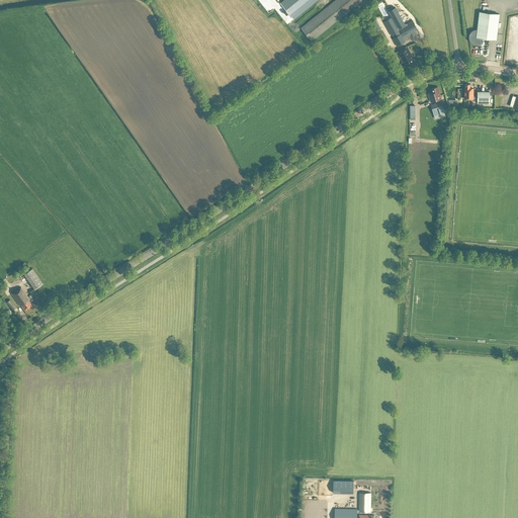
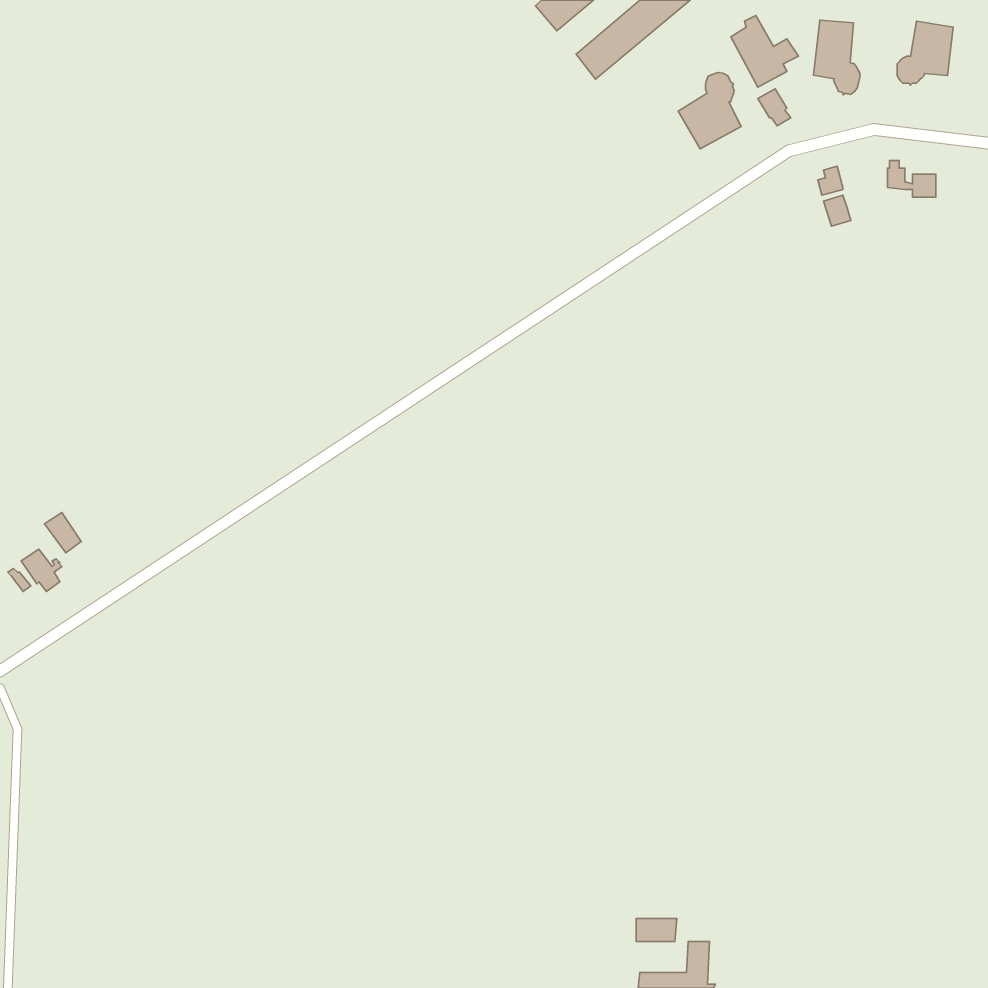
building: none -> [813,20,860,95]
building: none -> [678,72,741,149]

